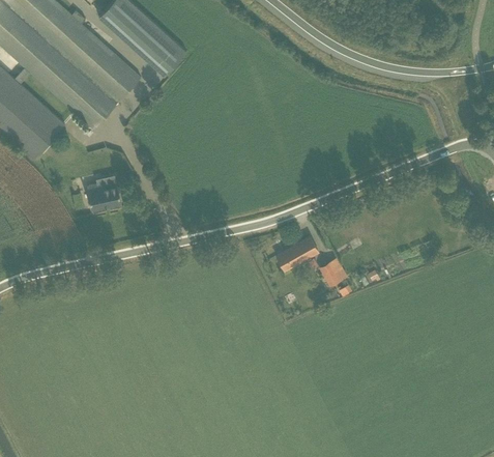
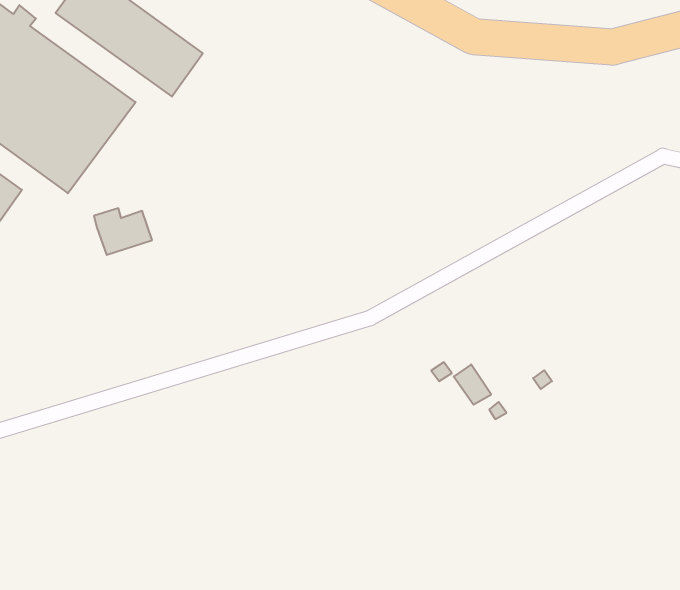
building: [87,181,121,209] -> [94,208,152,255]
building: [275,236,318,269] -> none

